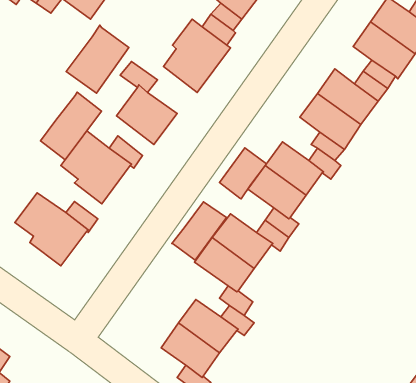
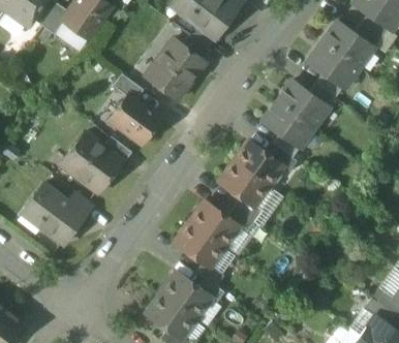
building: [66,25,129,93] -> none
building: [41,92,102,160] -> none
building: [220,148,266,199] -> none
building: [172,202,227,260] -> none

